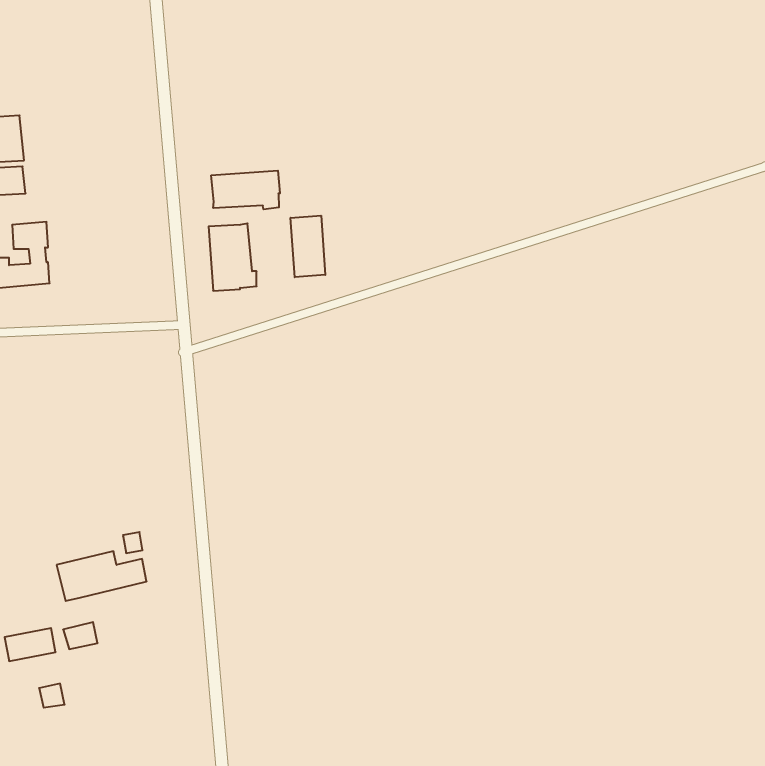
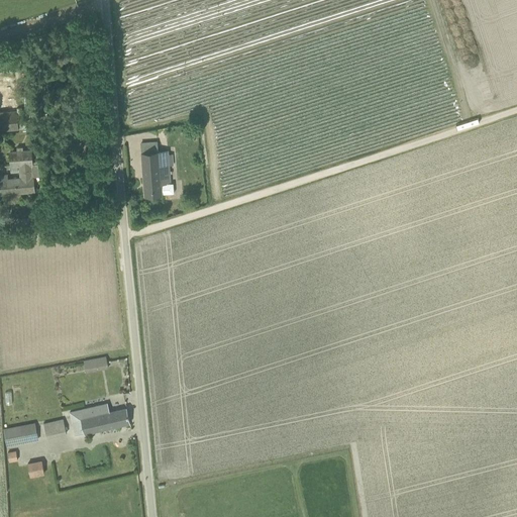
building: [211,171,280,209] -> none
building: [291,216,325,277] -> none
building: [57,551,147,601] -> [69,403,129,436]

